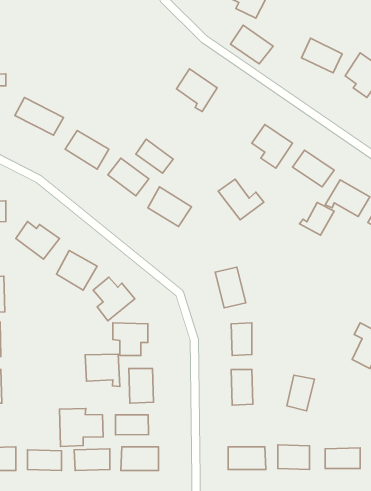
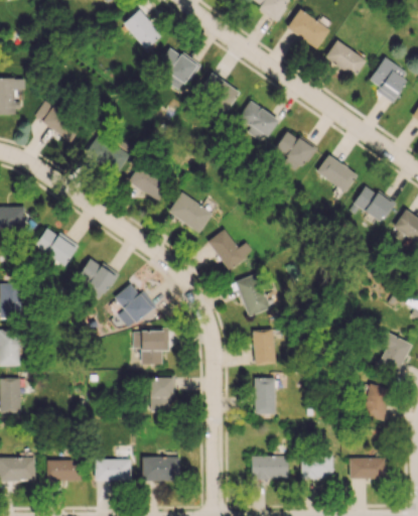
building: none -> [122,9,161,49]
building: [230,25,273,64] -> [286,9,329,48]
building: none -> [157,47,198,86]
building: none -> [238,102,278,141]
building: [136,139,173,173] -> none
building: [218,179,264,220] -> [206,229,253,270]
building: [300,202,334,235] -> none
building: [85,354,120,387] -> none
building: [287,375,315,411] -> [362,384,390,420]
building: [59,408,103,447] -> none
building: [116,415,149,435] -> none

